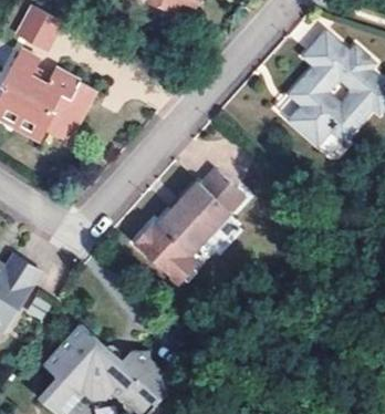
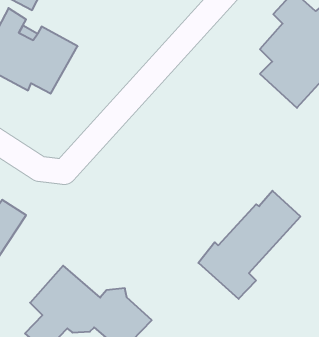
building: [134,169,243,286] -> [198,191,300,299]

